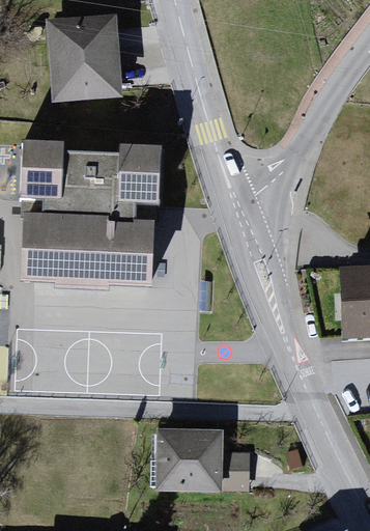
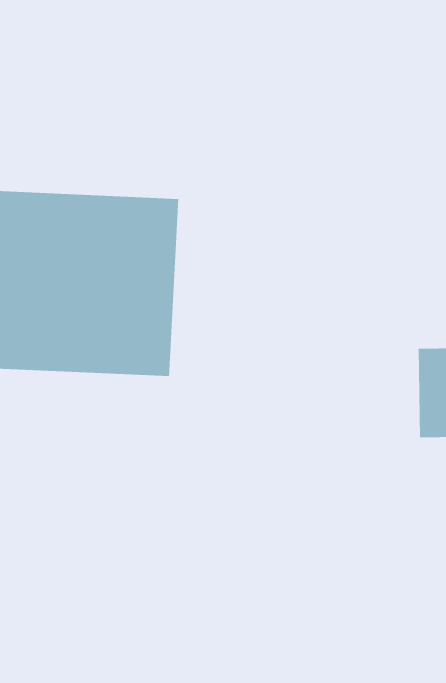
building: [50,12,121,102] -> none
building: [148,426,246,491] -> none

